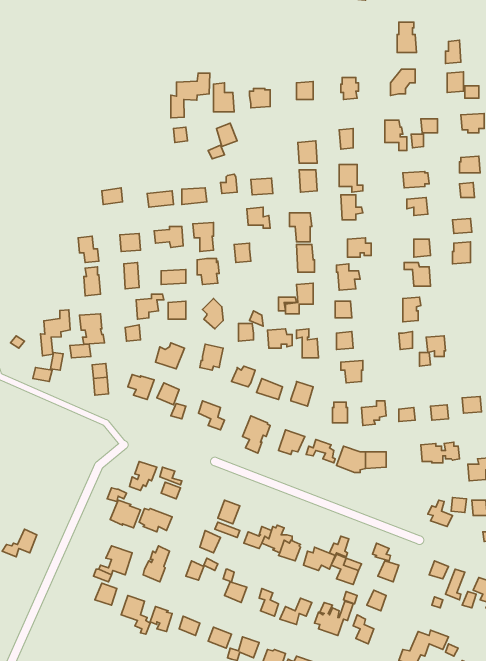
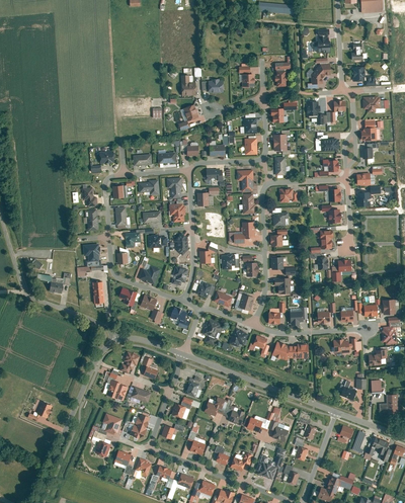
building: [171,73,210,118] -> none
building: [41,310,70,356] -> none

